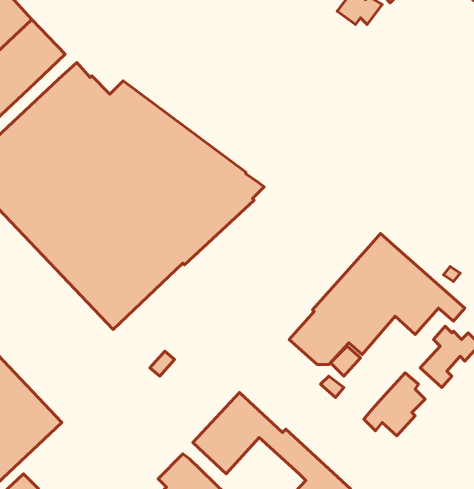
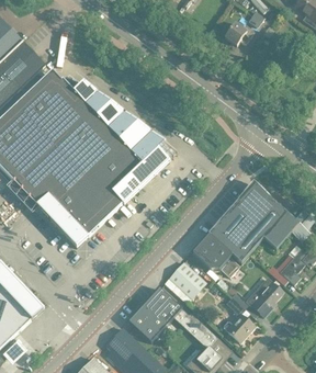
building: none -> [169,261,206,297]
building: none -> [224,296,256,342]

